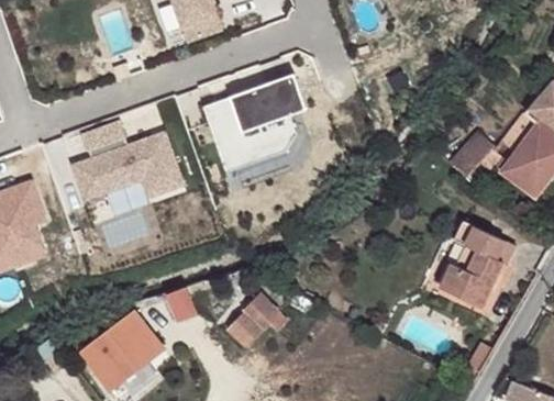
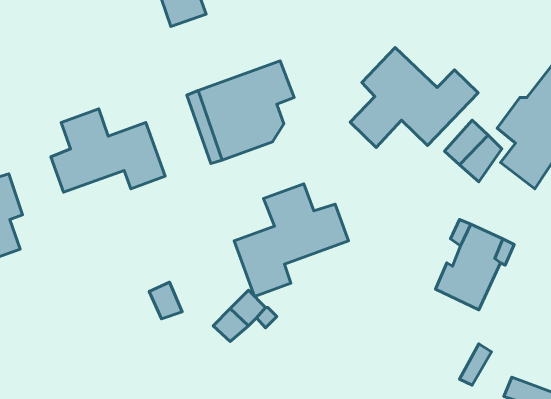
building: none -> [350,48,478,147]
building: none -> [234,184,349,296]
building: [77,314,160,388] -> none

